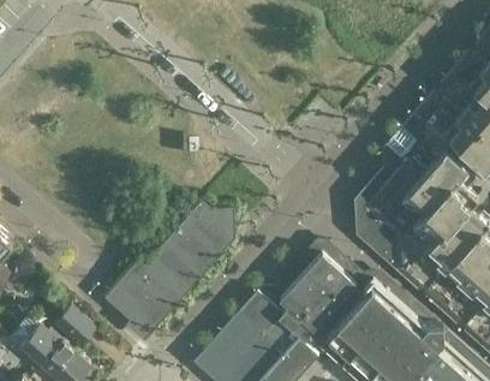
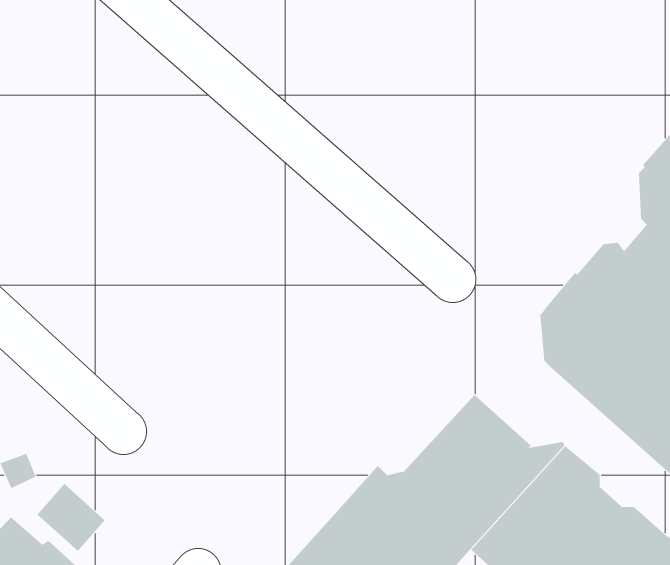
building: [104,206,219,331] -> none

